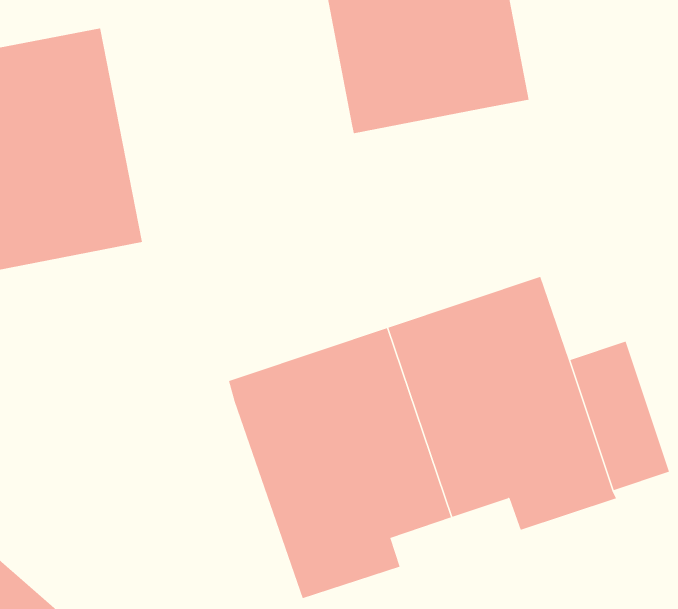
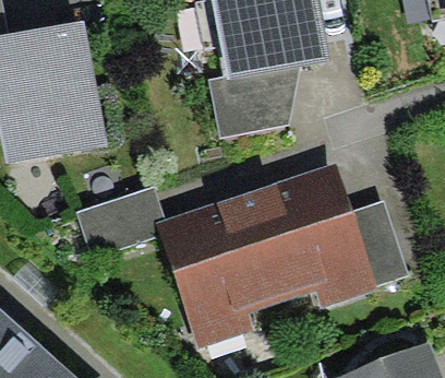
building: none -> [208,67,300,137]
building: none -> [77,187,165,256]

